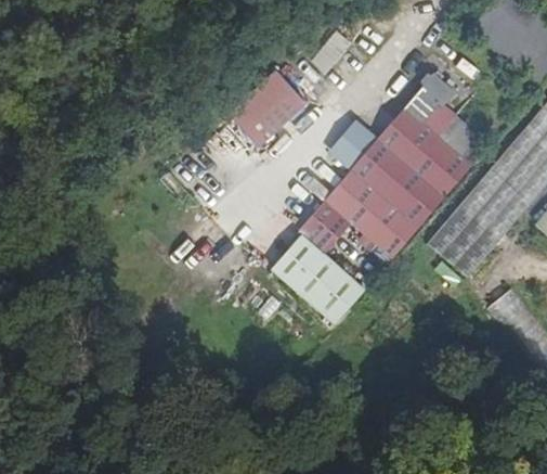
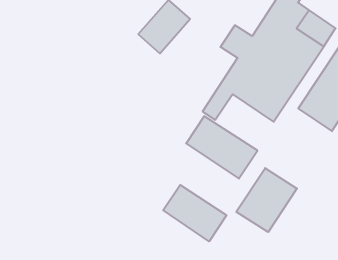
building: none -> [236,168,297,232]
building: none -> [163,185,226,241]

